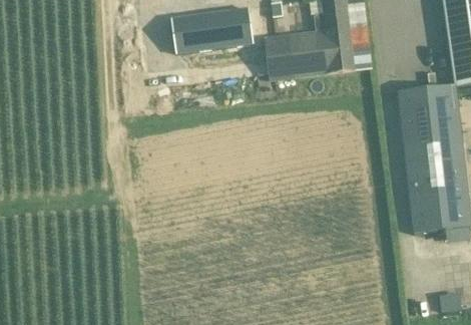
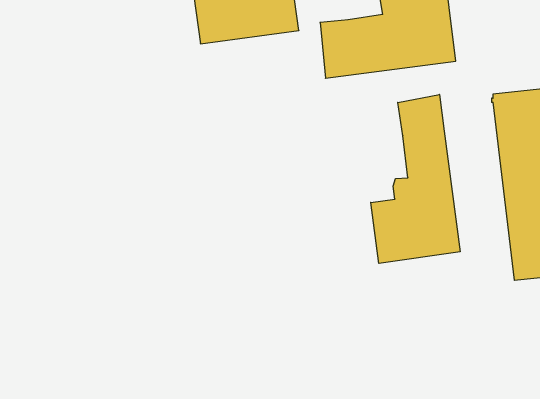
building: none -> [371,94,460,263]

